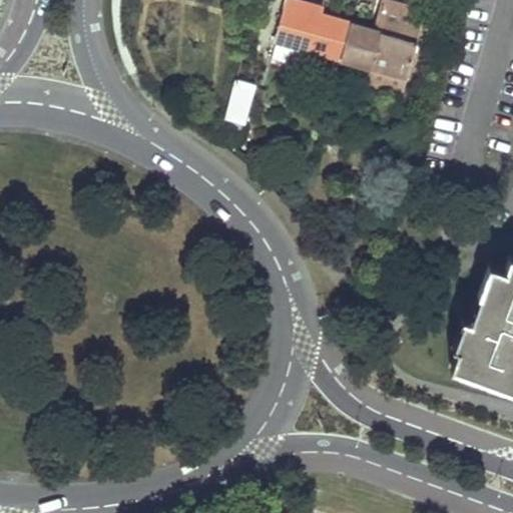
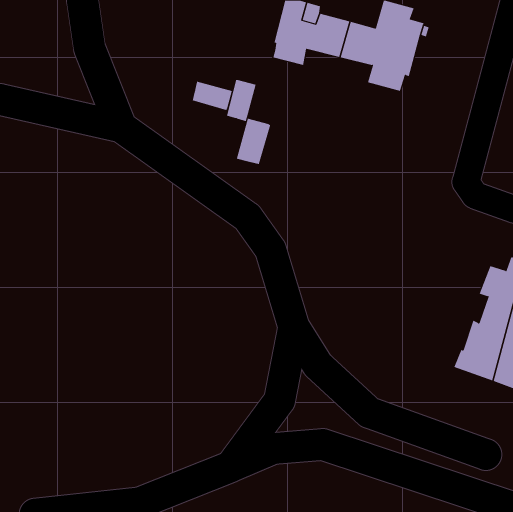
building: none -> [192,81,233,111]
building: none -> [236,118,271,165]

